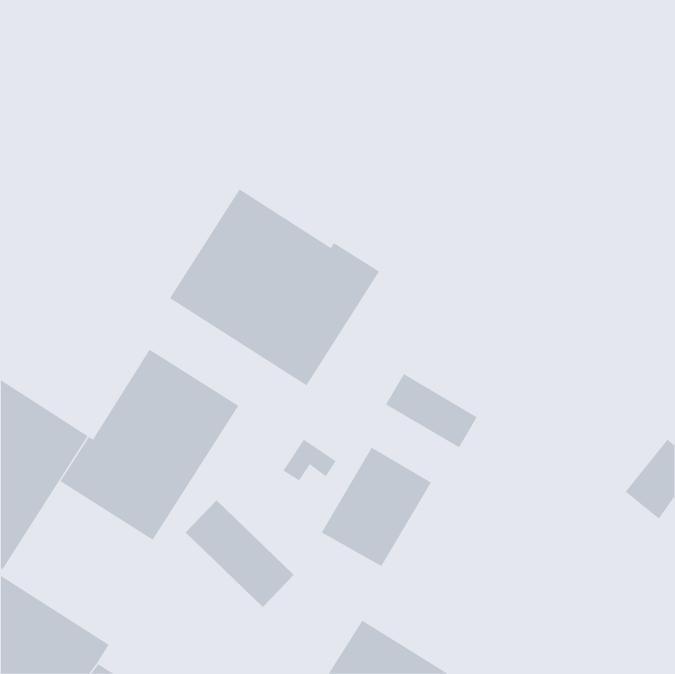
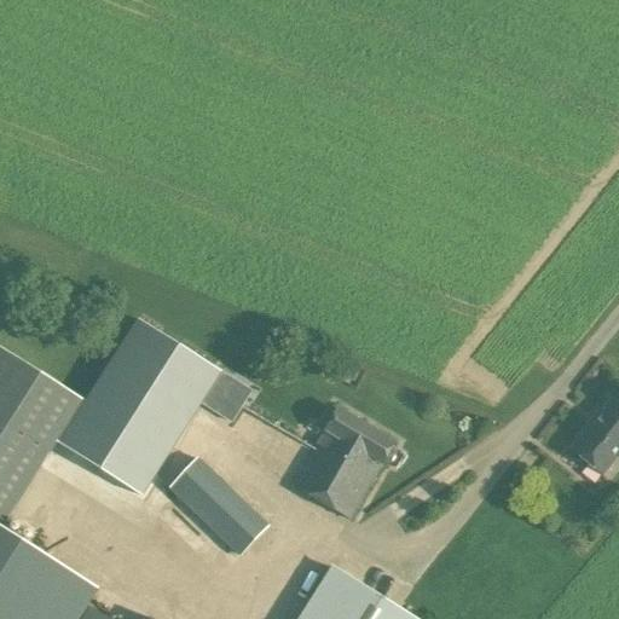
building: [169,189,380,386] -> none
building: [385,373,478,448] -> none
building: [282,439,337,481] -> [201,372,250,411]

